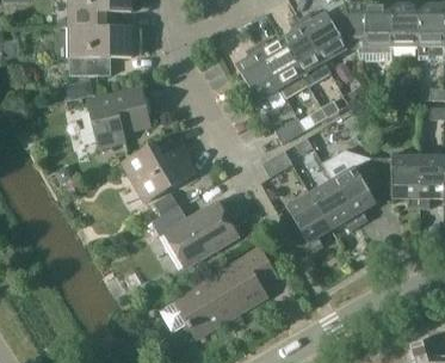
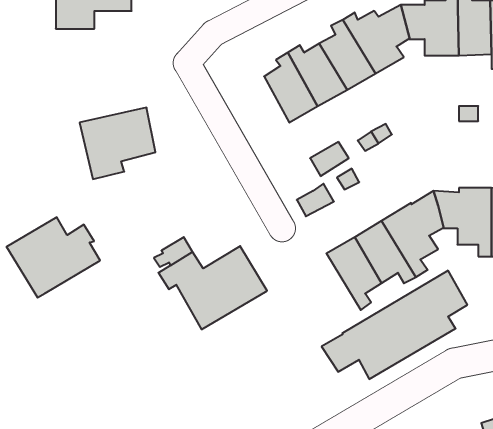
building: [69,26,130,75] -> none
building: [120,139,196,203] -> [6,217,100,298]
building: [159,250,276,337] -> [322,271,467,379]

